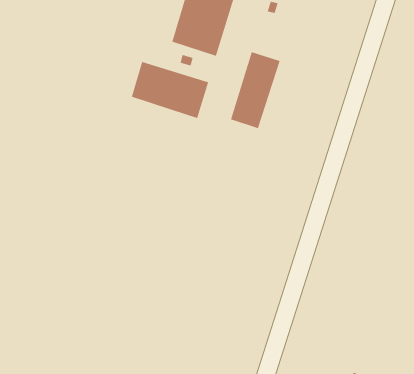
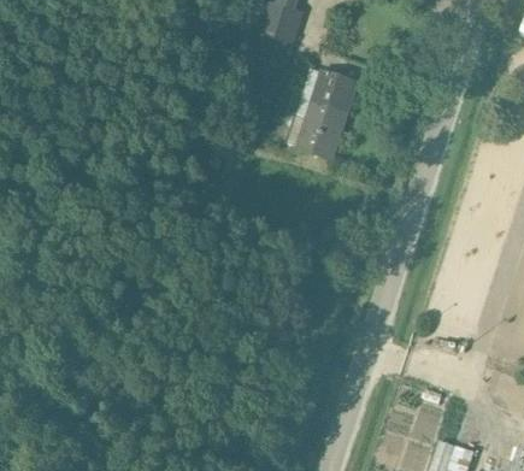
building: [131,61,209,119] -> none

